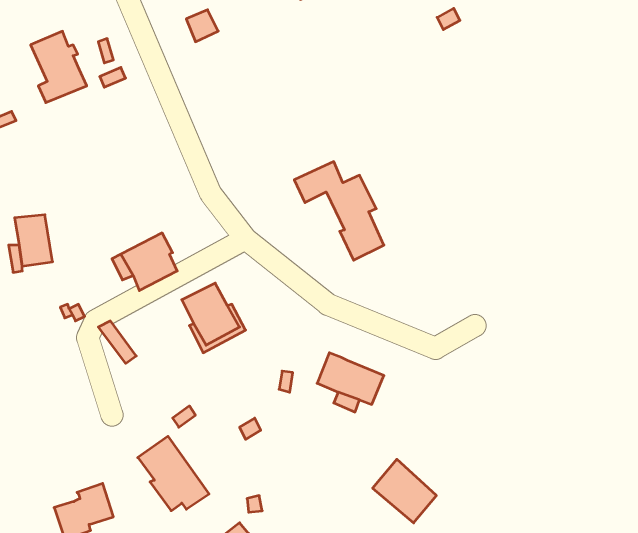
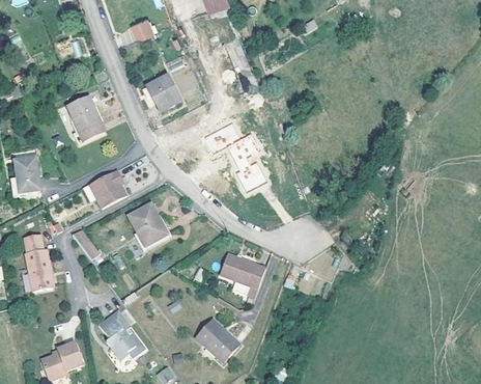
building: [31,31,87,103] -> [67,97,106,145]
building: none -> [144,78,182,113]
building: none -> [24,234,52,292]
building: [373,459,436,523] -> [195,319,238,362]

